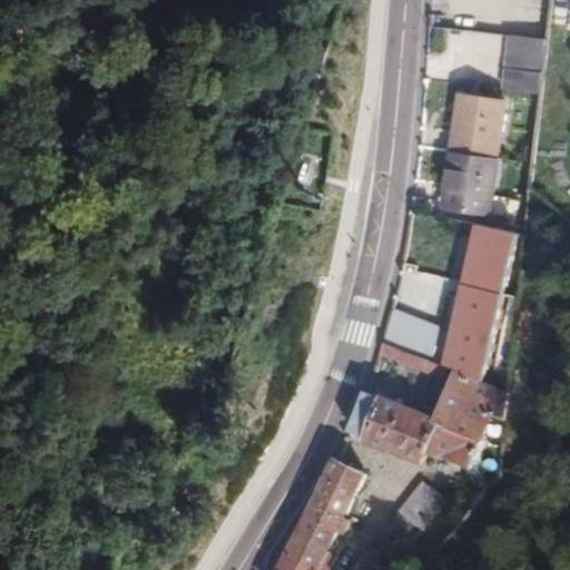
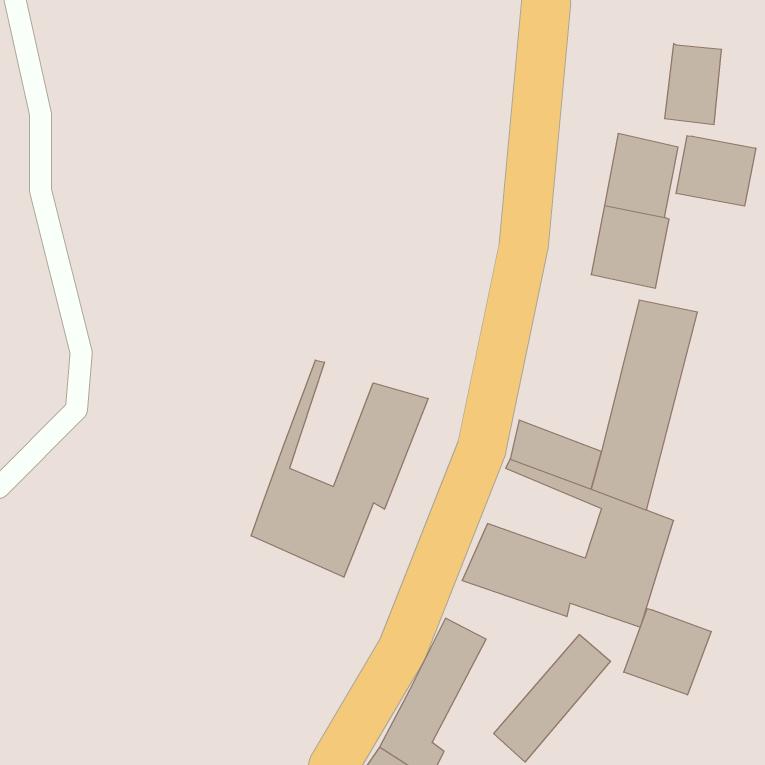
building: none -> [676,136,756,206]
building: none -> [251,360,428,577]
building: none -> [624,609,711,695]

